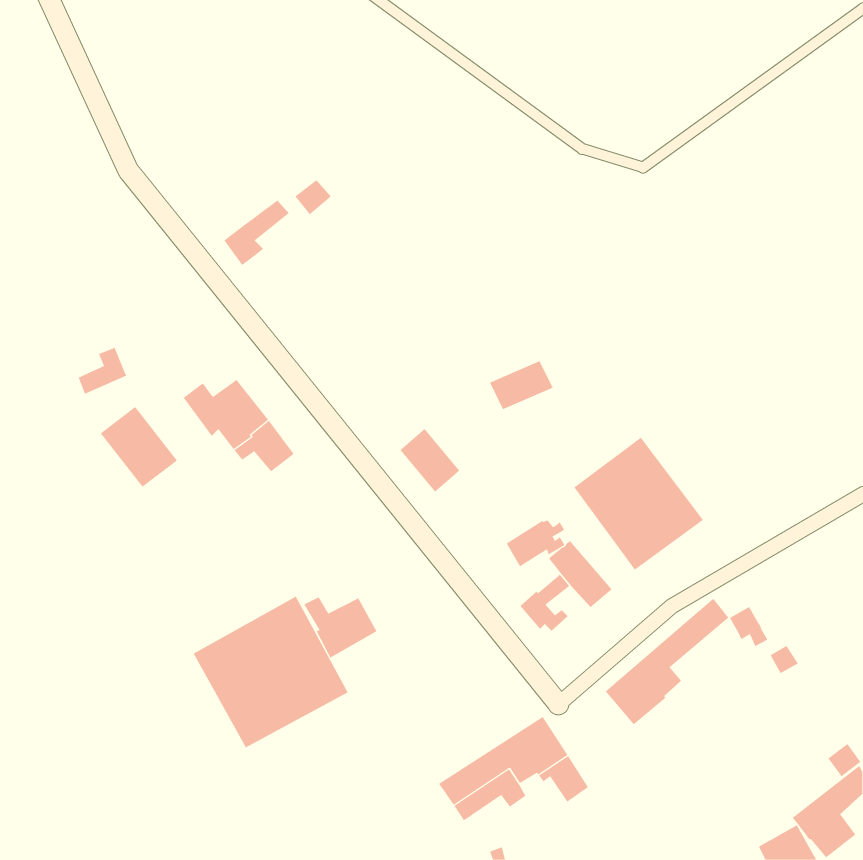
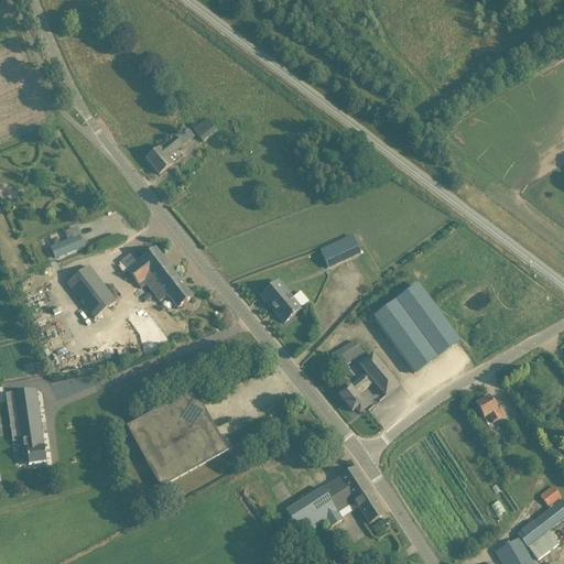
building: none -> [4,388,45,463]
building: [304,597,377,659] -> none
building: [605,598,729,725] -> none

